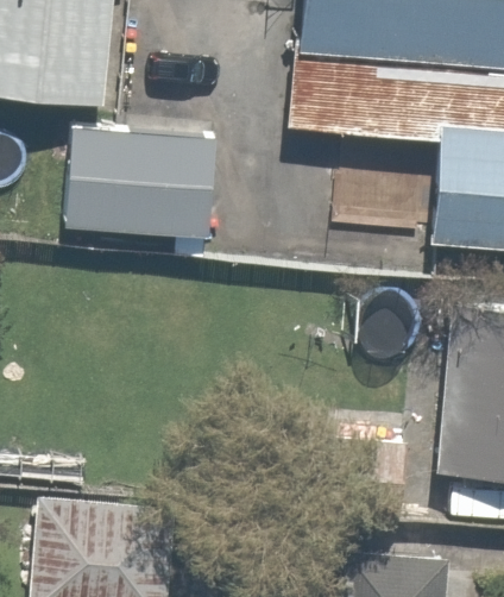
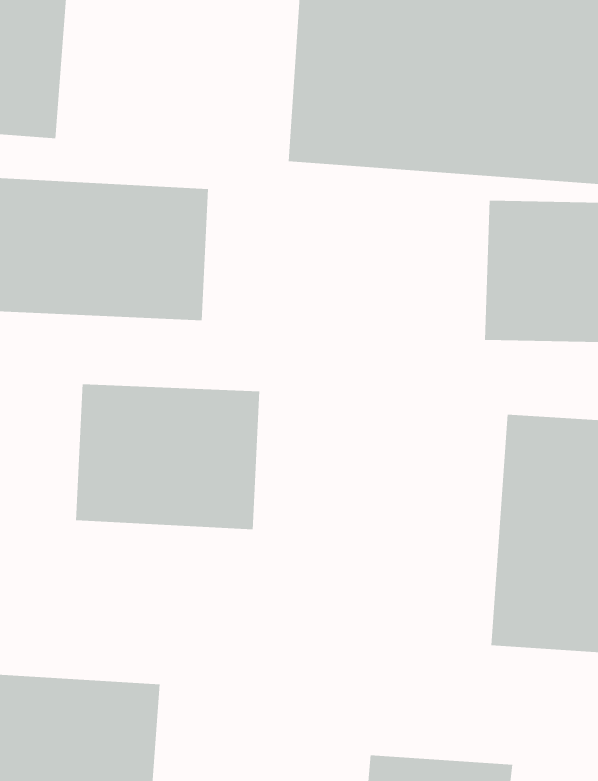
building: none -> [75,383,260,530]

